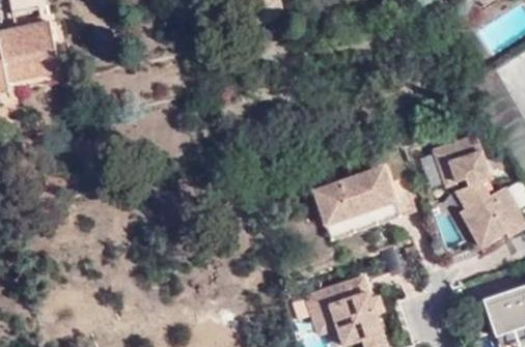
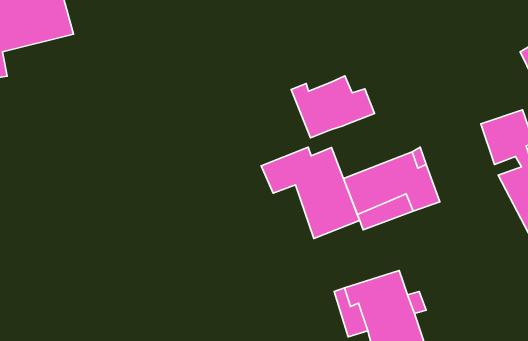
building: none -> [291,76,375,138]
building: none -> [261,147,360,238]

